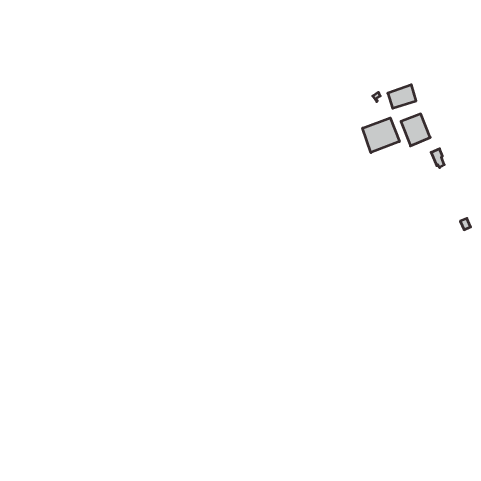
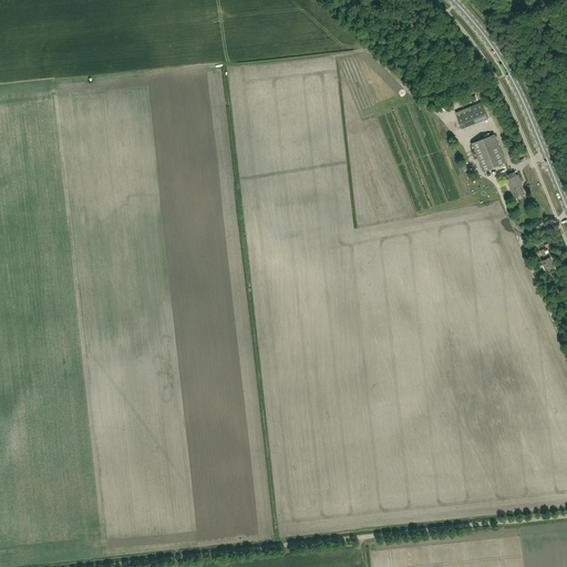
building: [363,118,399,153] -> none

